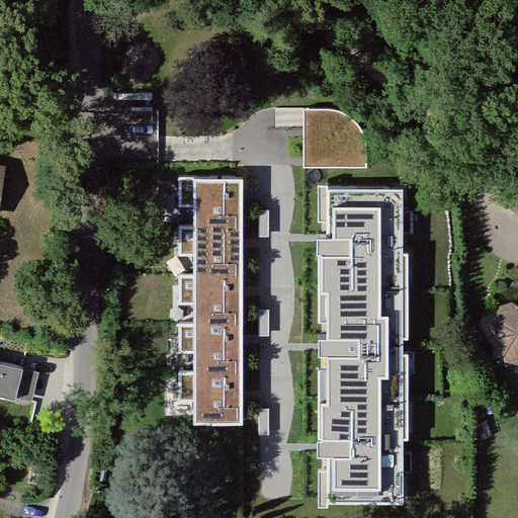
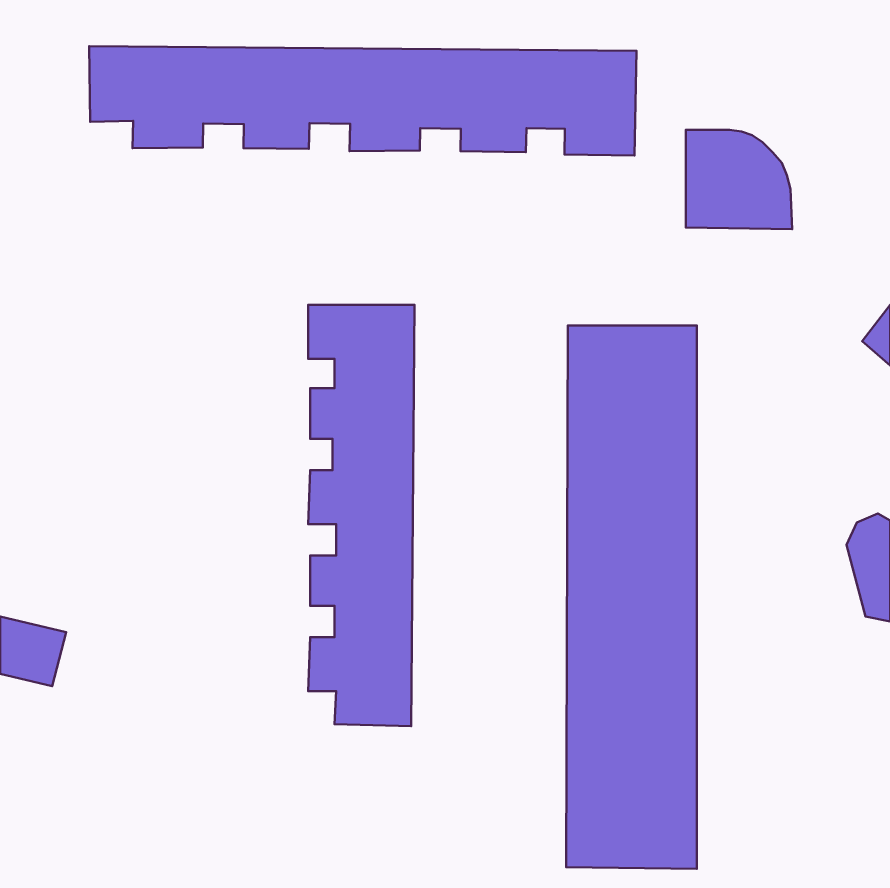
building: none -> [89,46,636,155]
building: [306,111,367,169] -> [686,130,792,229]

